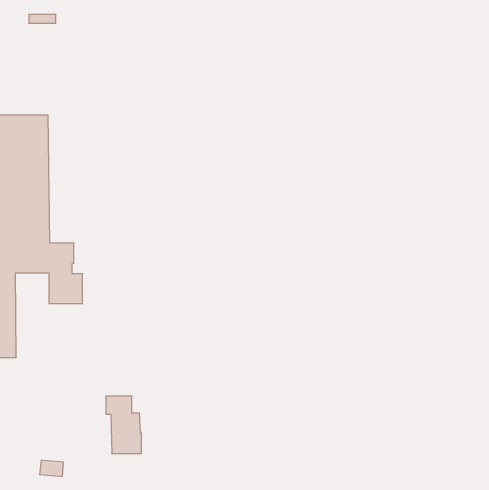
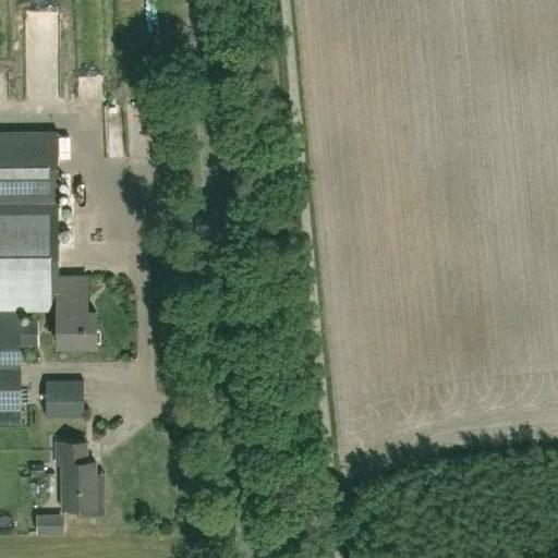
building: none -> [44,380,82,417]
building: [106,396,141,454] -> [54,442,95,508]

